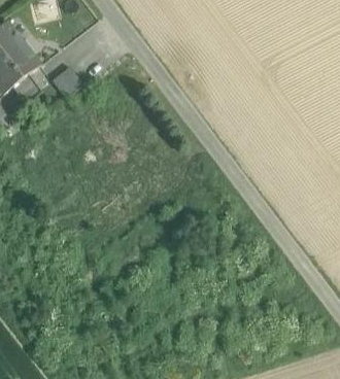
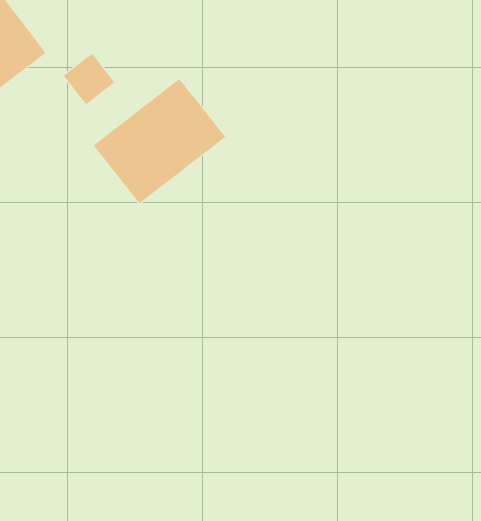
building: none -> [93,78,226,204]

